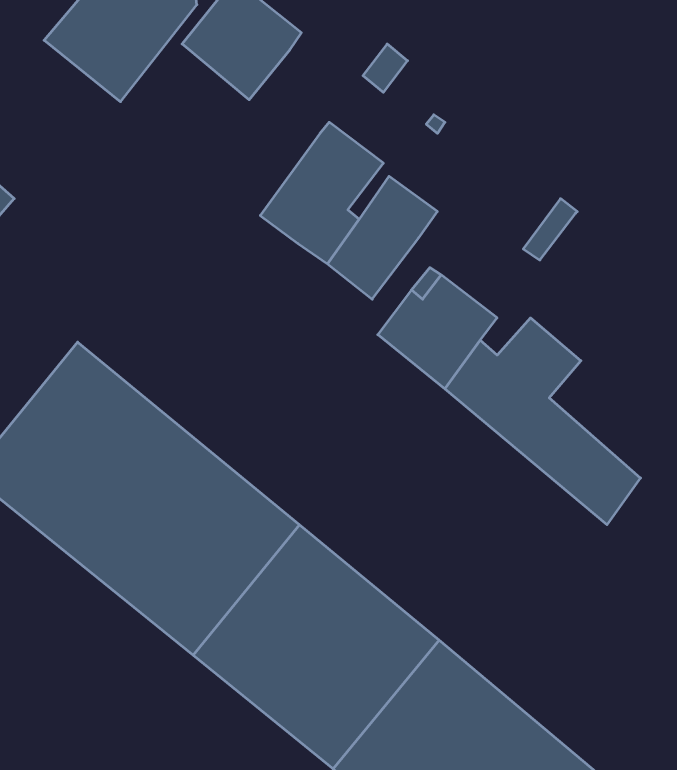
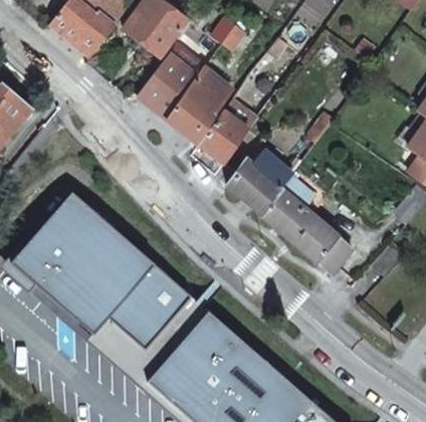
building: none -> [135,56,194,119]

